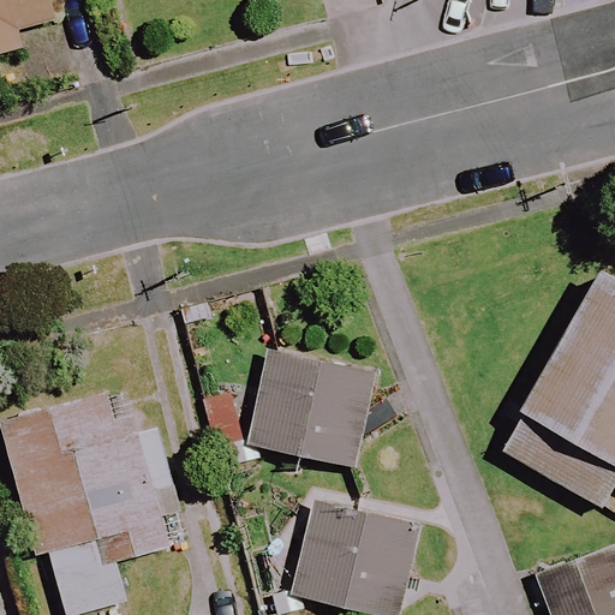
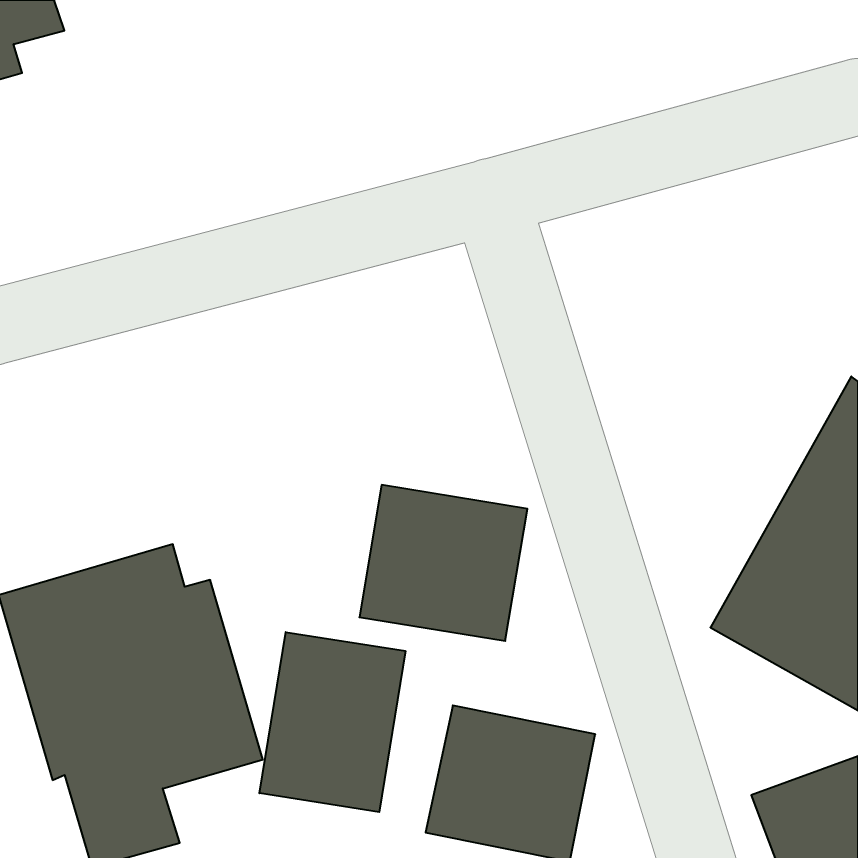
building: none -> [259,632,405,812]

